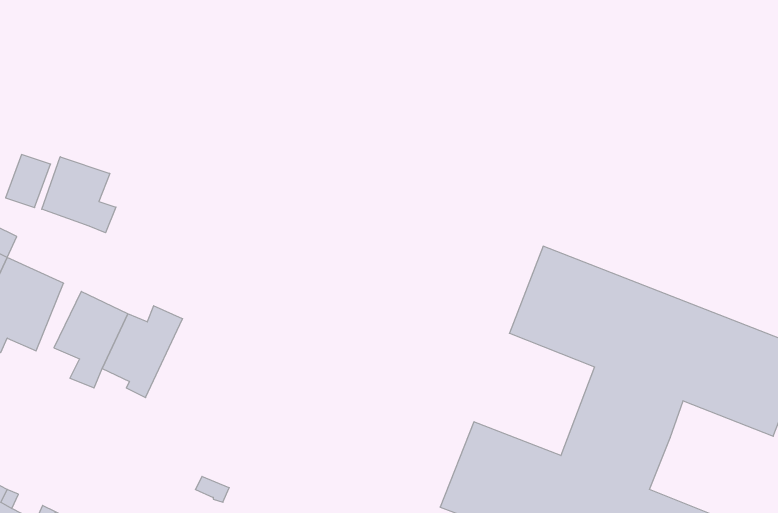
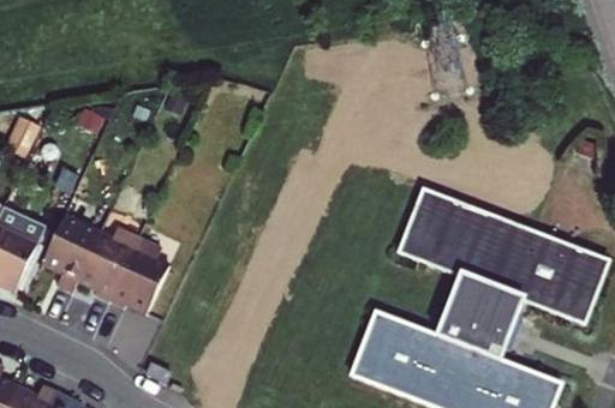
building: [42,157,116,233] -> none
building: none -> [117,239,187,306]

